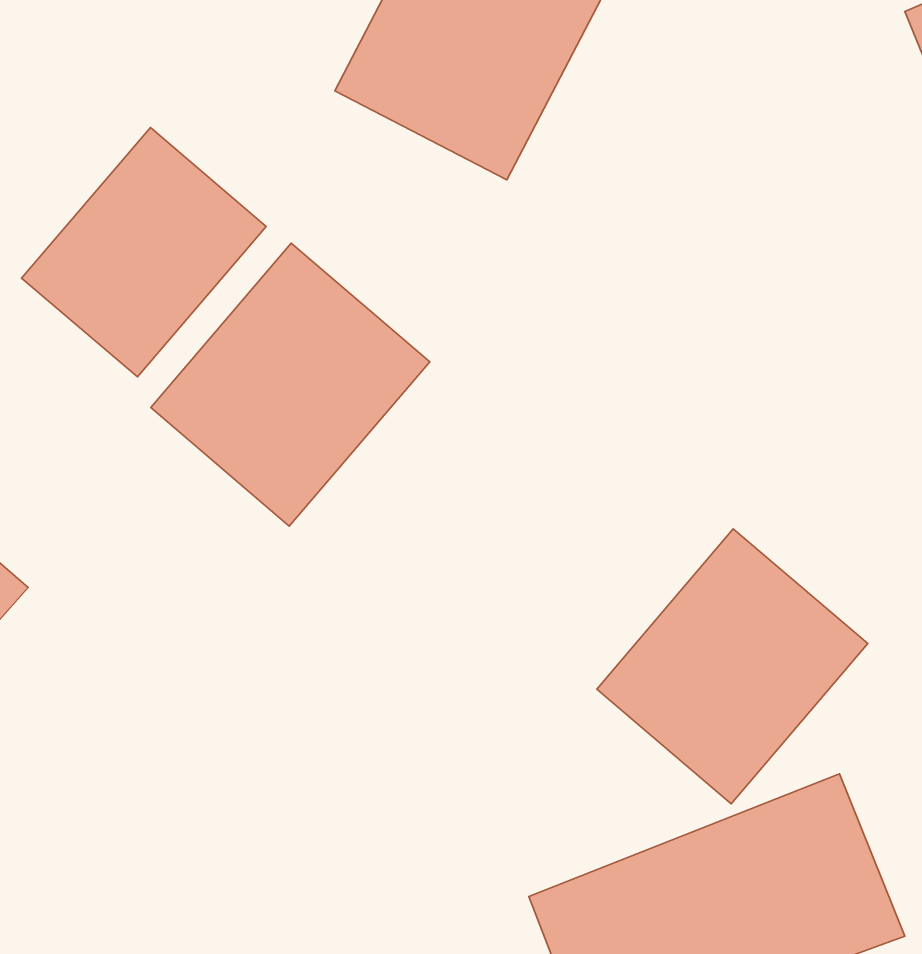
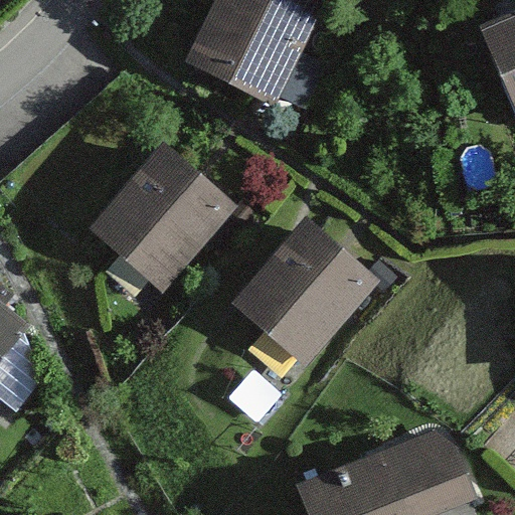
building: [22,127,266,377] -> none
building: [597,529,868,804] -> [238,224,376,364]

